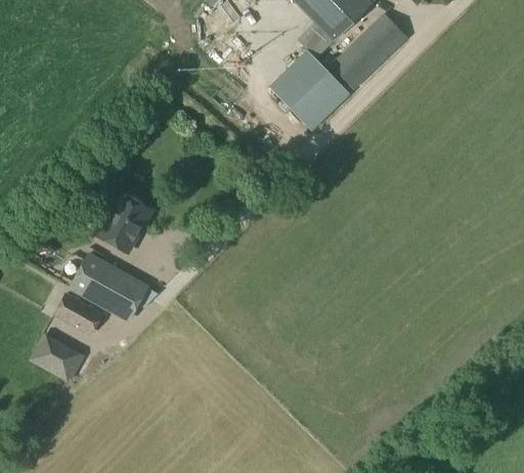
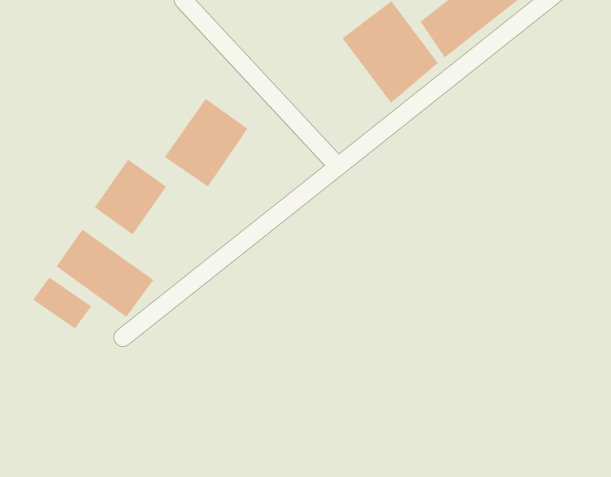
building: none -> [164,98,248,187]
building: [40,336,88,378] -> none

